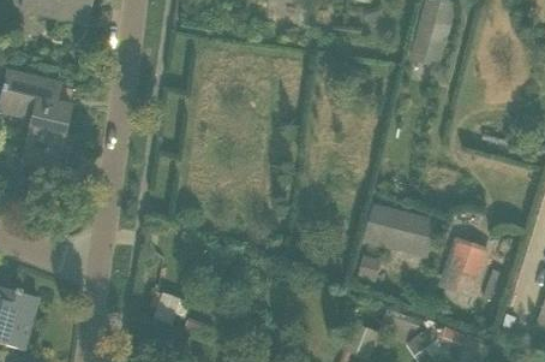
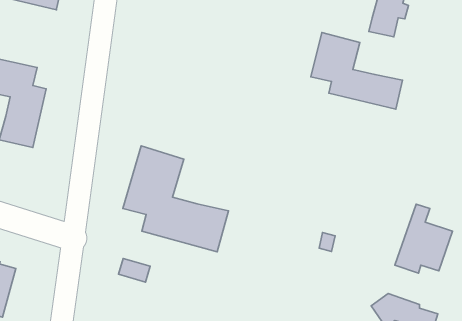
building: none -> [311,33,402,109]
building: none -> [123,146,228,252]
building: [369,209,432,251] -> none

